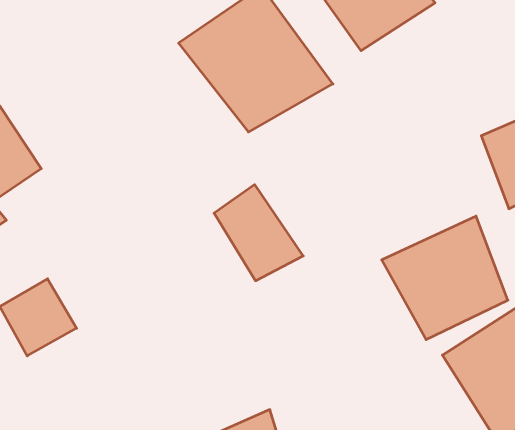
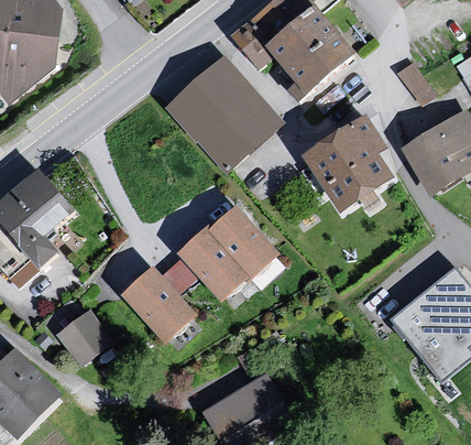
building: none -> [174,227,245,301]
building: [382,216,508,340] -> [302,116,399,213]
building: none -> [119,265,196,348]

